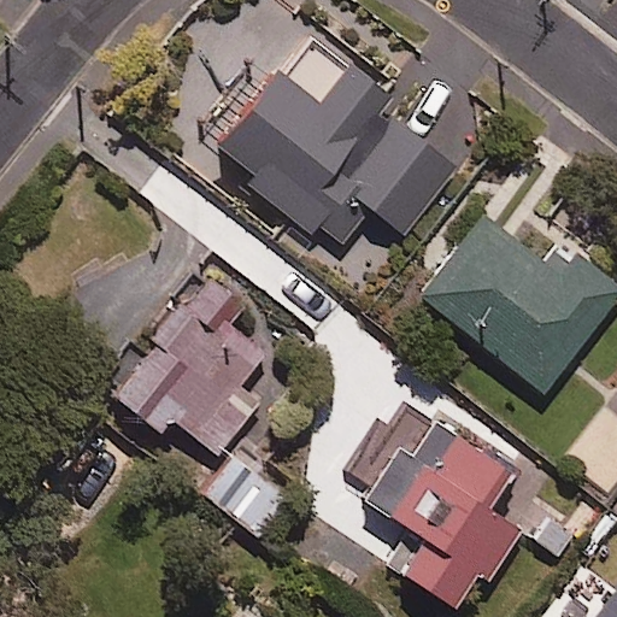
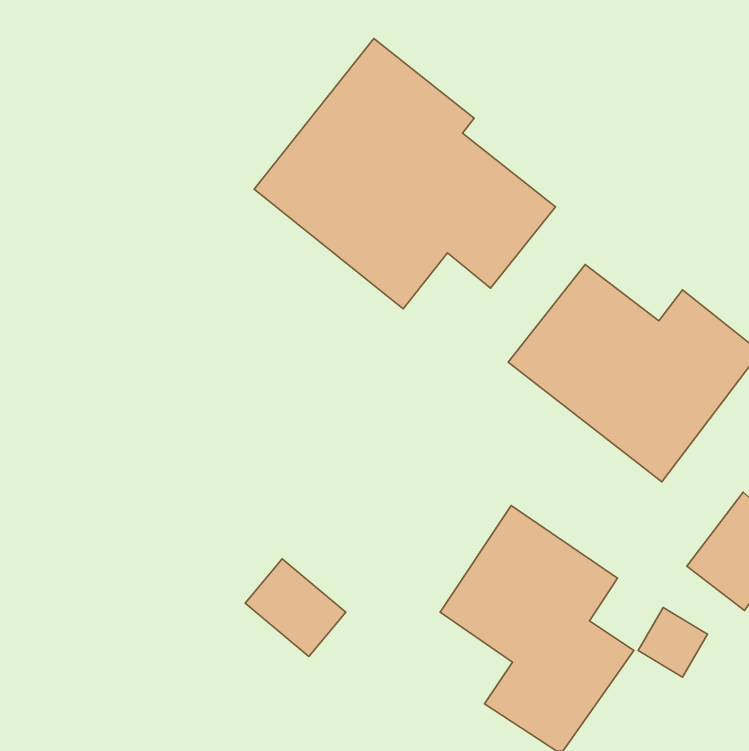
building: [108,265,270,456] -> none

